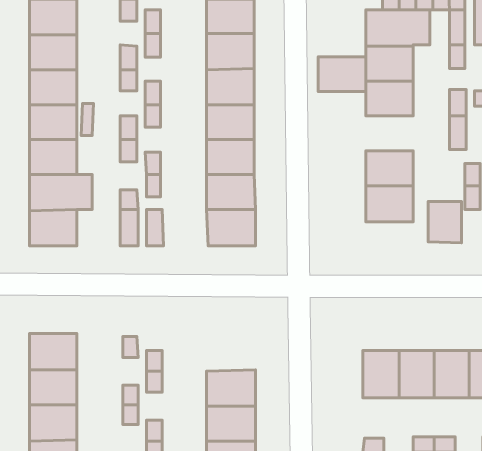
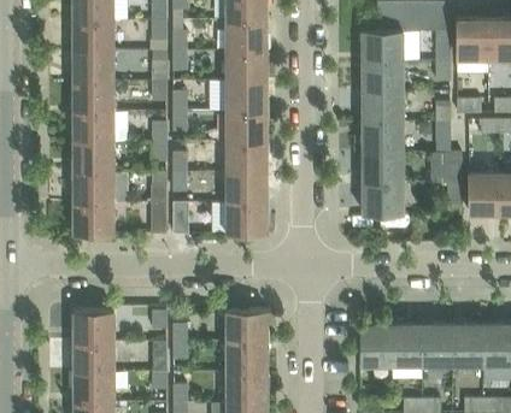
building: [318,57,366,92] -> [363,122,404,152]
building: [428,202,461,243] -> none
building: none -> [225,311,268,342]

